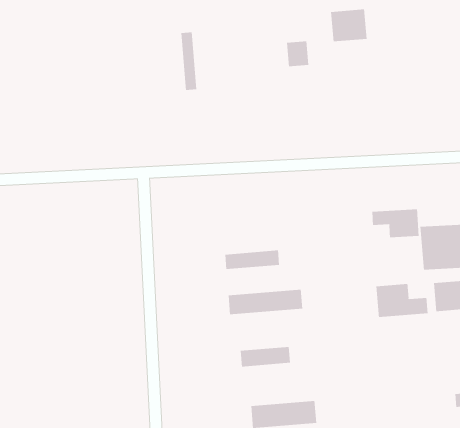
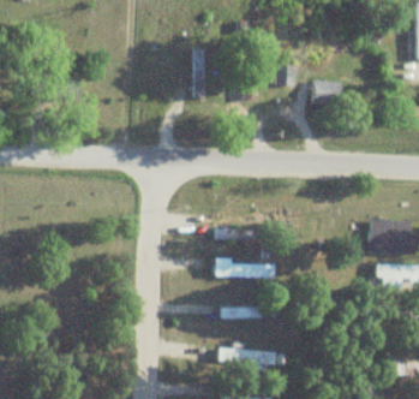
building: [330,9,367,42] -> [312,81,340,105]
building: [372,209,419,238] -> none
building: [376,283,428,318] -> none

